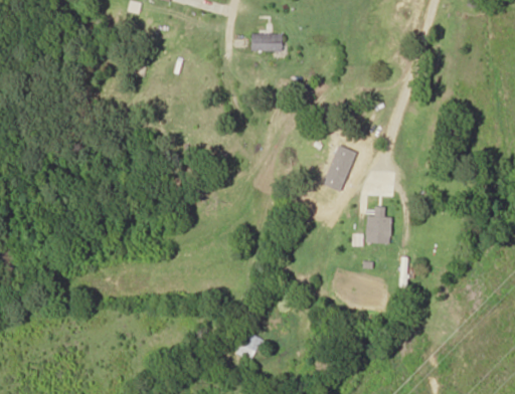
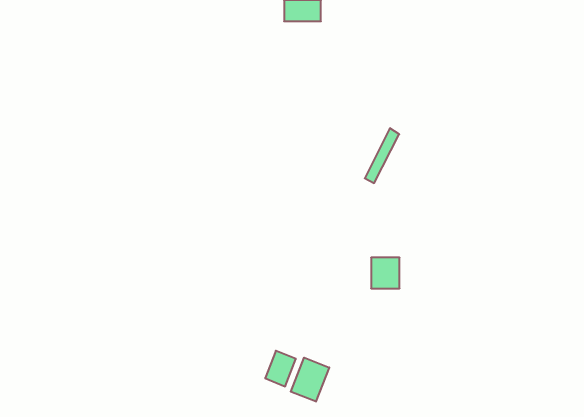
building: [366,216,390,242] -> [371,258,400,288]
building: none -> [291,358,329,402]

